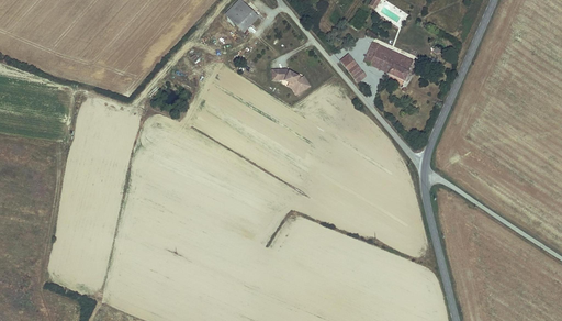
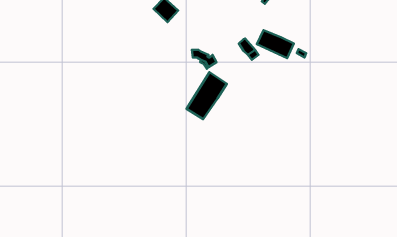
building: none -> [186,72,227,119]

